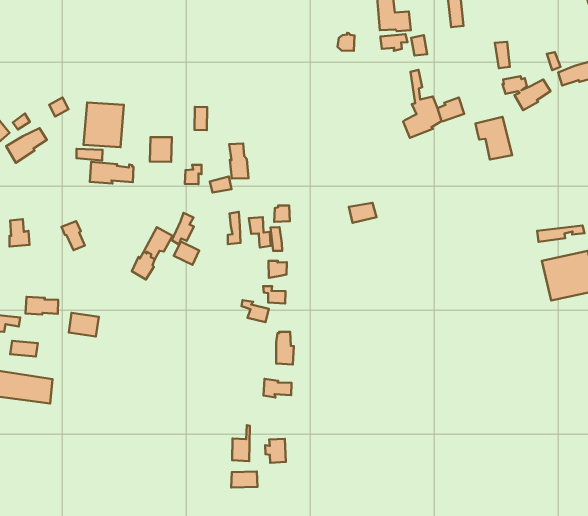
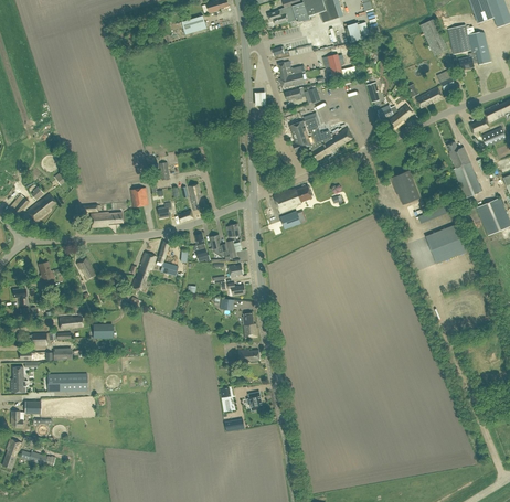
building: none -> [289,115,319,152]
building: [84,102,124,147] -> none
building: [475,117,512,160] -> [391,171,421,203]
building: none -> [274,186,312,213]

